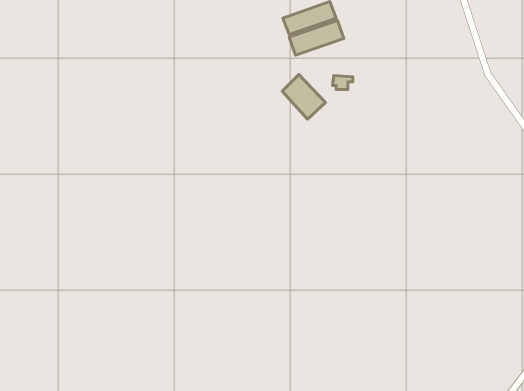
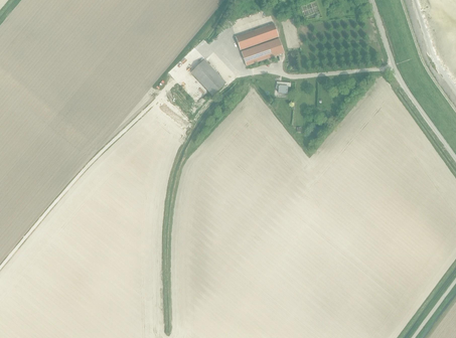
building: [282,75,325,119] -> [190,58,224,94]

